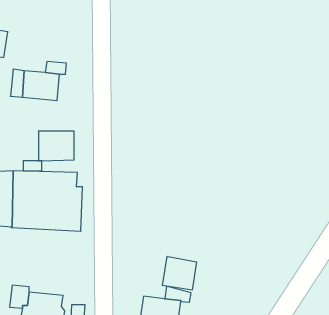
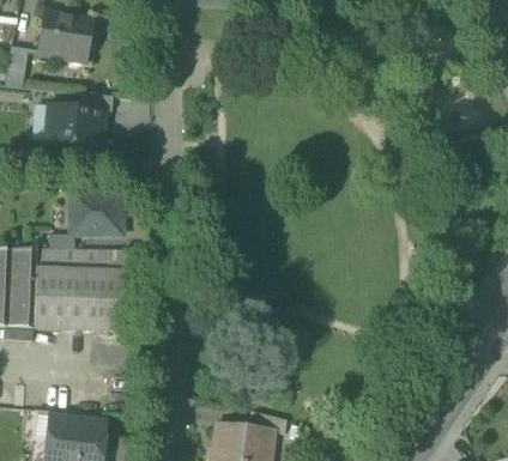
building: none -> [36,12,92,63]
building: [163,256,196,290] -> none

